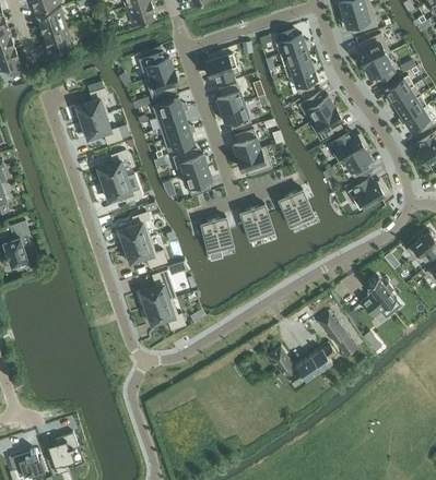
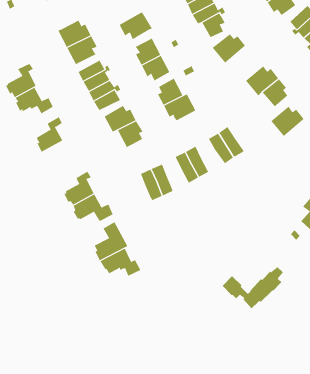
building: [308,106,341,139] -> none
building: [99,175,141,201] -> none
building: [316,309,356,355] -> none

